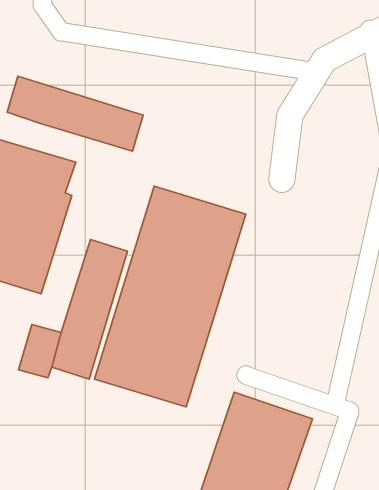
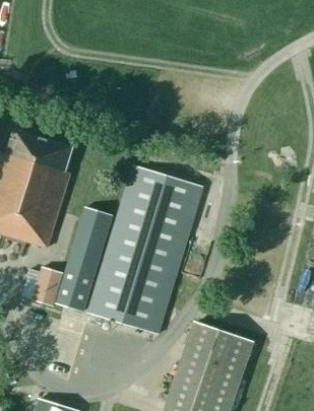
building: [7,76,143,151] -> none

